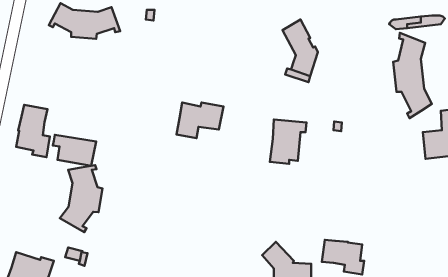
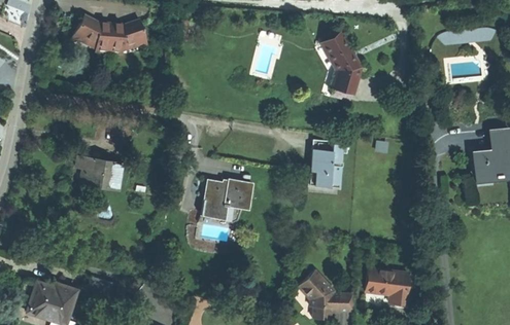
building: [393,33,432,118] -> none
building: [176,103,224,138] -> [202,179,252,217]
building: [16,105,50,157] -> none
building: [60,165,103,232] -> none

